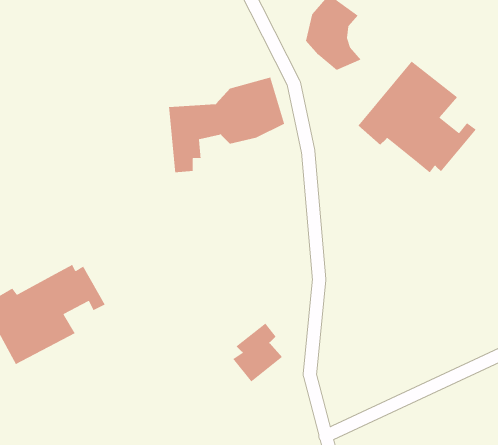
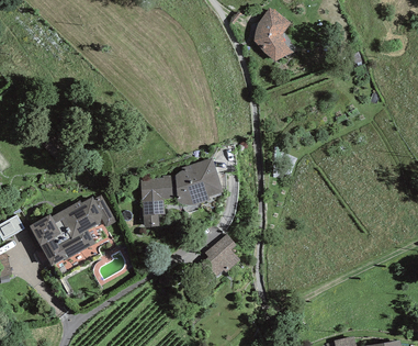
building: [357,61,477,173] -> none
building: [168,77,285,173] -> [140,159,222,226]

